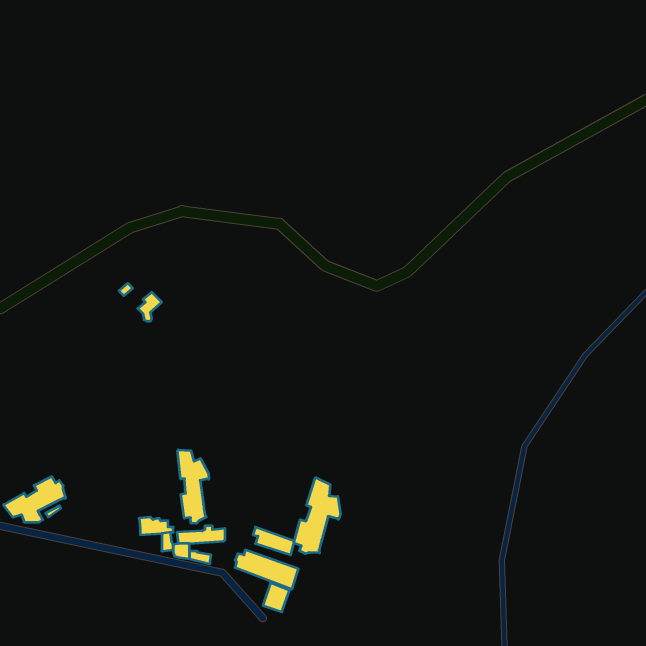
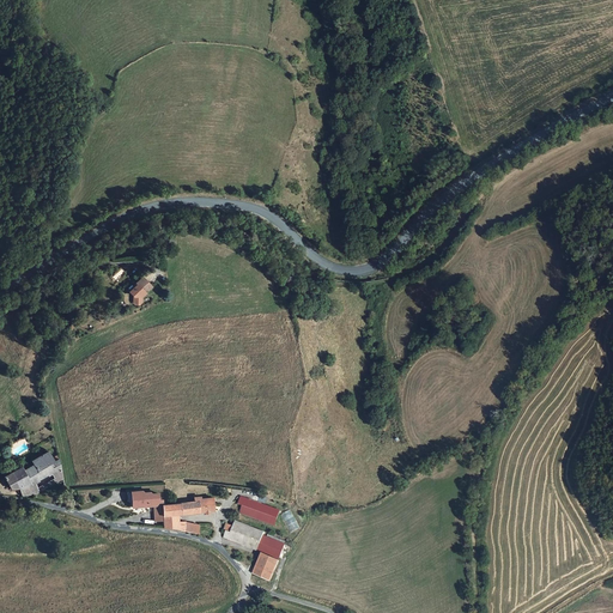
building: [178,450,209,523] -> none
building: [294,478,341,554] -> none

